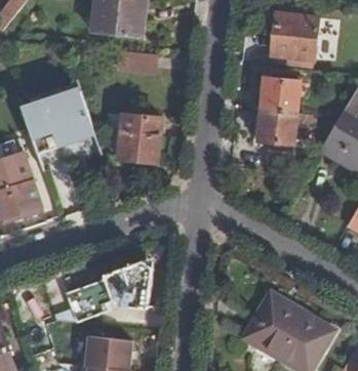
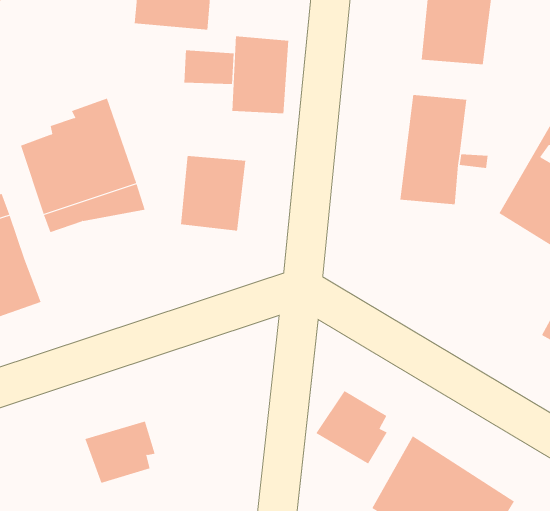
building: none -> [232,35,289,114]
building: [100,259,152,310] -> none
building: none -> [315,390,388,465]

